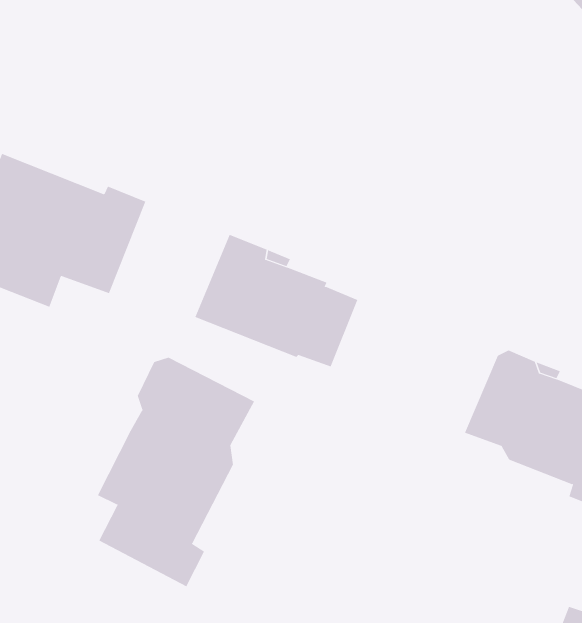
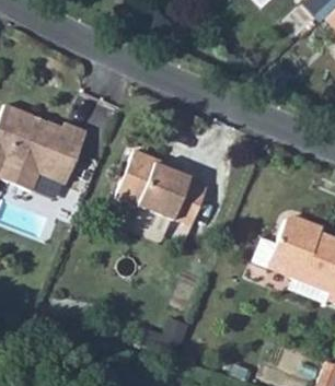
building: [97,357,255,587] -> none

